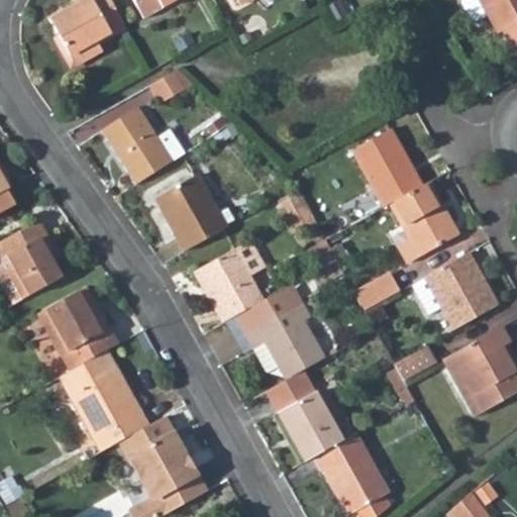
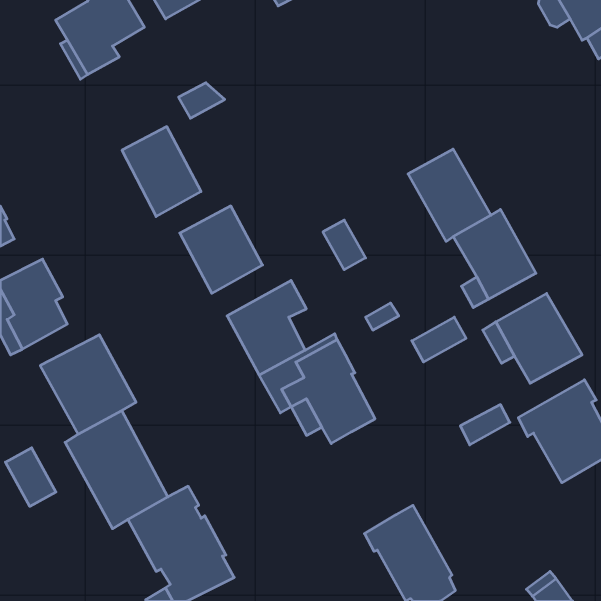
building: [266,369,341,460] -> none
building: none -> [5,448,56,506]

